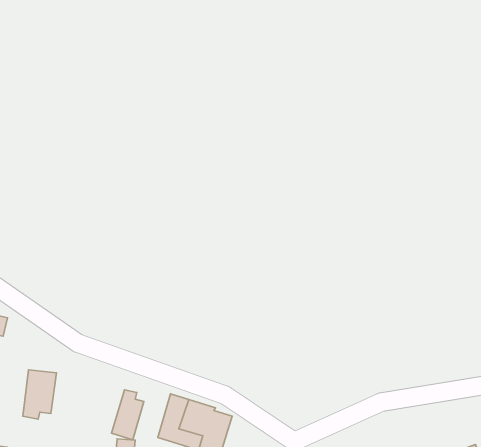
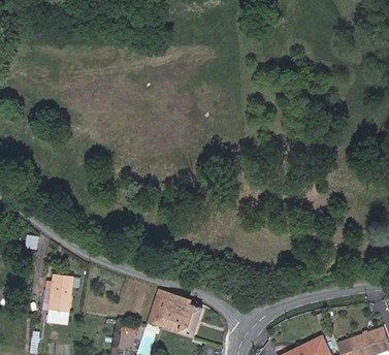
building: [112,390,144,440] -> none

